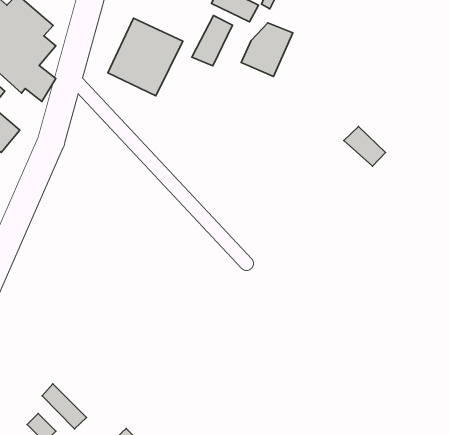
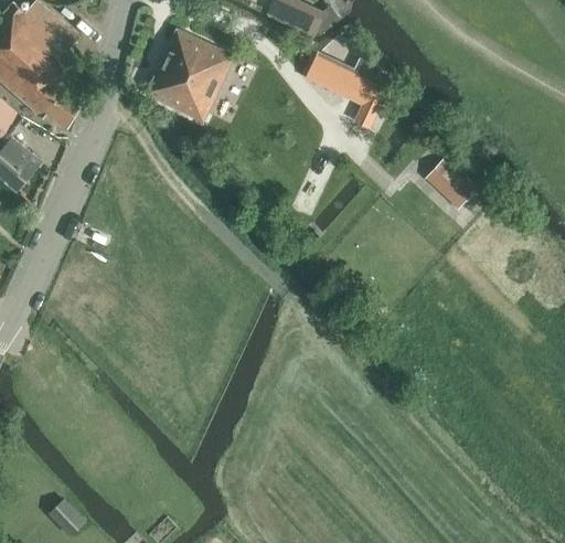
building: [192,16,232,66] -> none
building: none -> [351,83,387,130]
building: [42,384,86,429] -> none

